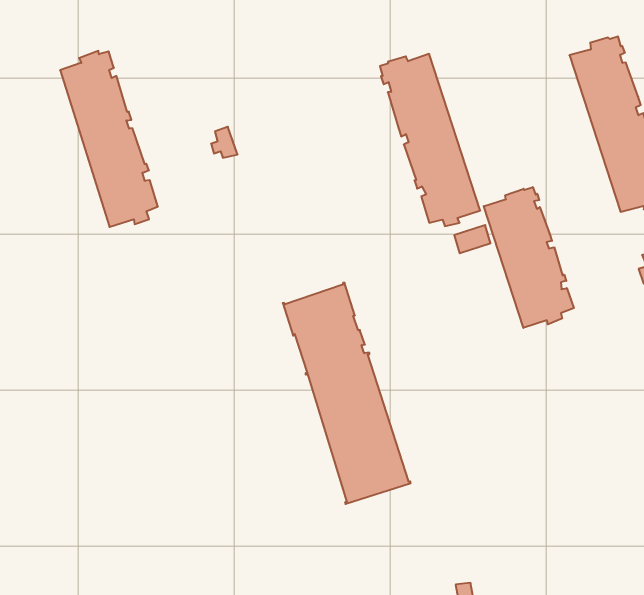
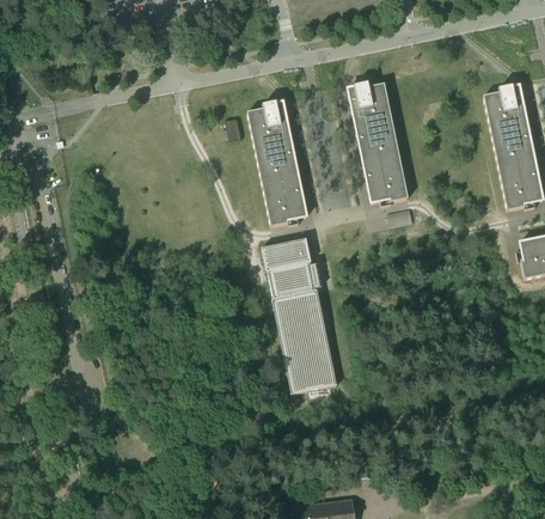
building: [60,51,158,227] -> [247,99,306,225]
building: [484,187,574,328] -> none

